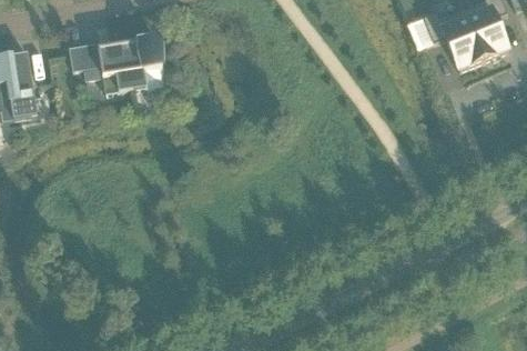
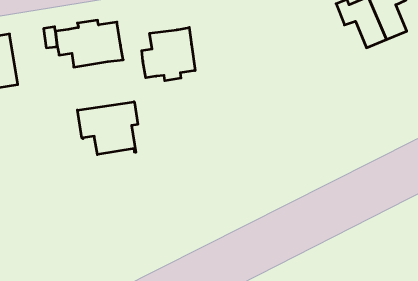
building: none -> [142,27,195,81]
building: none -> [77,102,138,155]

